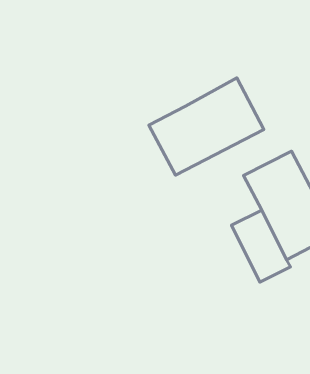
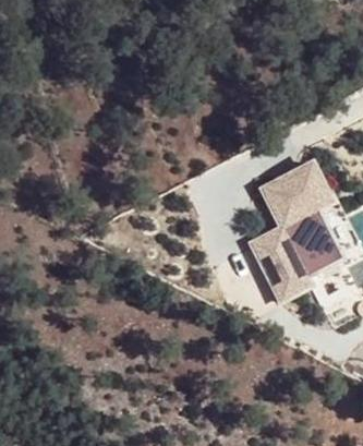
building: [149,78,264,175] -> none

